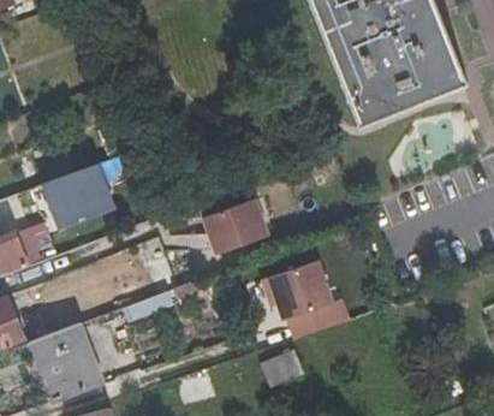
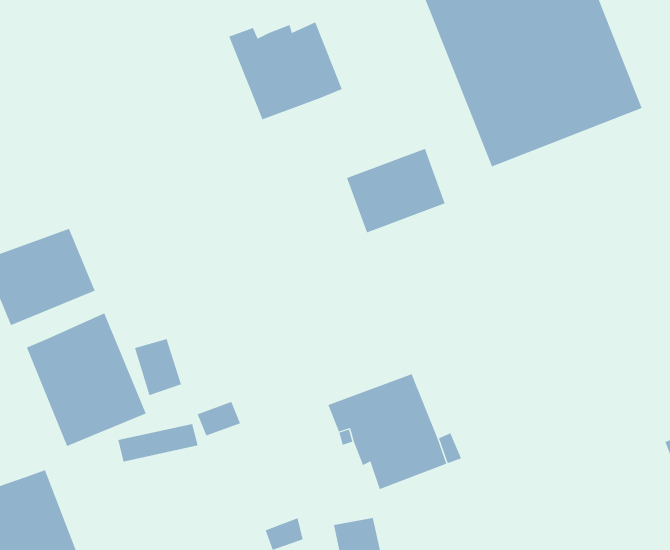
building: none -> [229,22,342,120]
building: [204,198,269,254] -> [346,148,446,233]
building: none -> [26,313,146,447]

